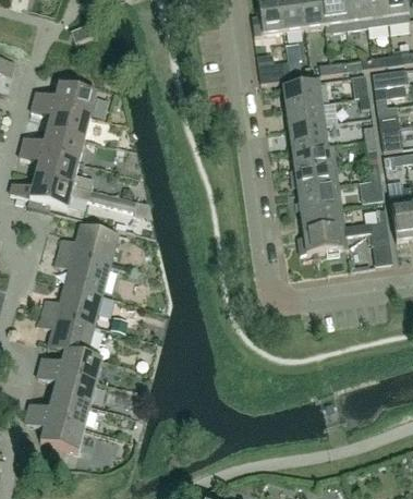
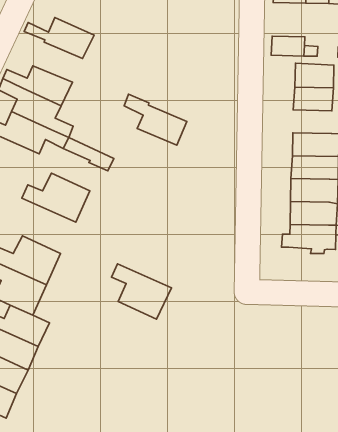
building: [33,100,92,138] -> [124,94,187,145]
building: [289,123,327,149] -> none
building: [56,251,111,294] -> [112,264,172,319]

